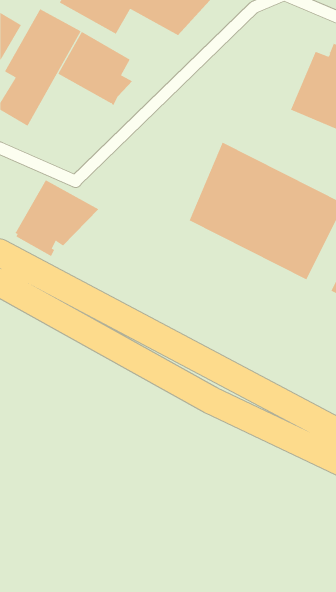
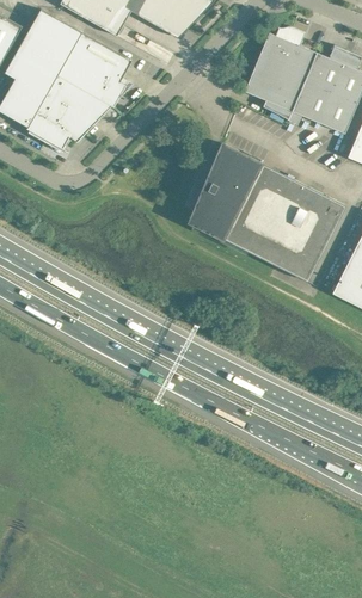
building: none -> [245,26,317,111]
building: [14,179,99,257] -> [27,75,112,153]

